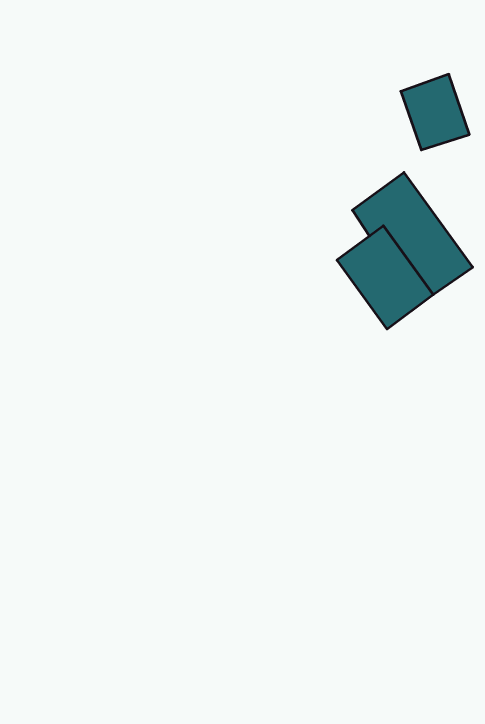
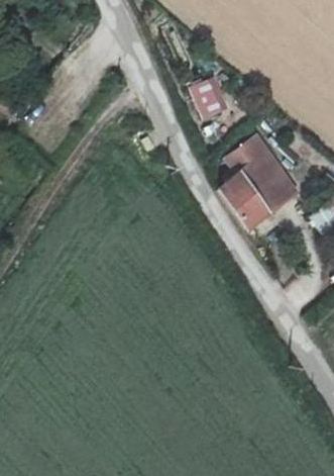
building: [401,74,469,150] -> [191,75,231,119]

